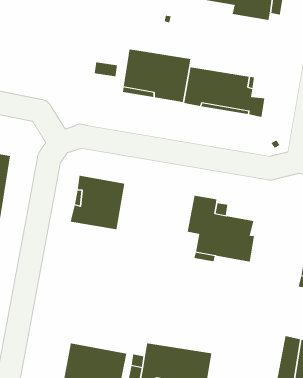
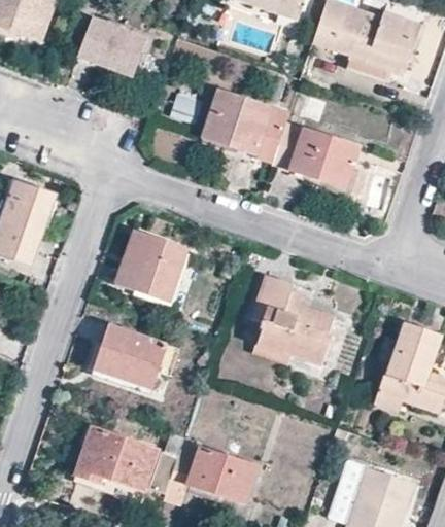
building: none -> [78,17,146,75]
building: none -> [94,325,178,388]

